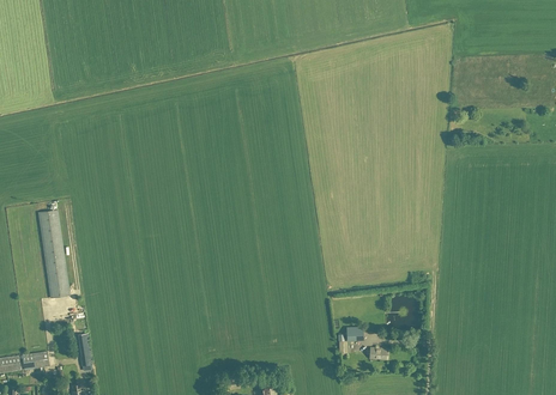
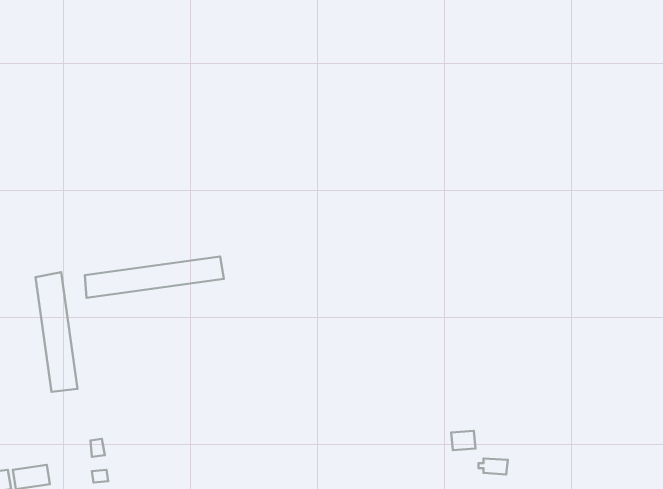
building: none -> [85,257,224,298]

